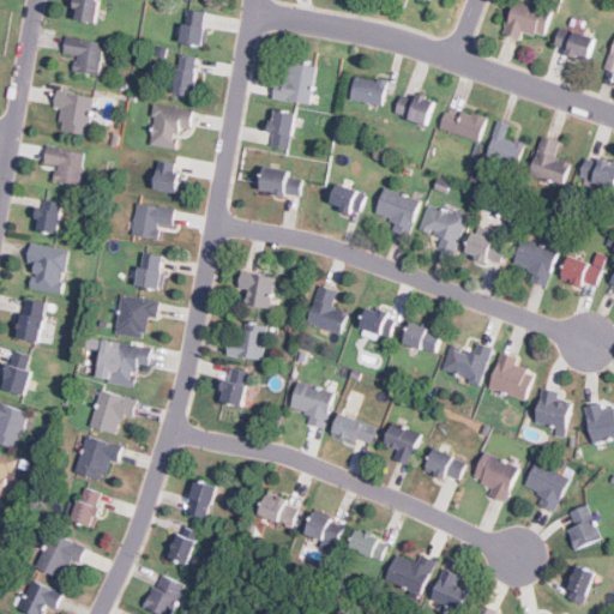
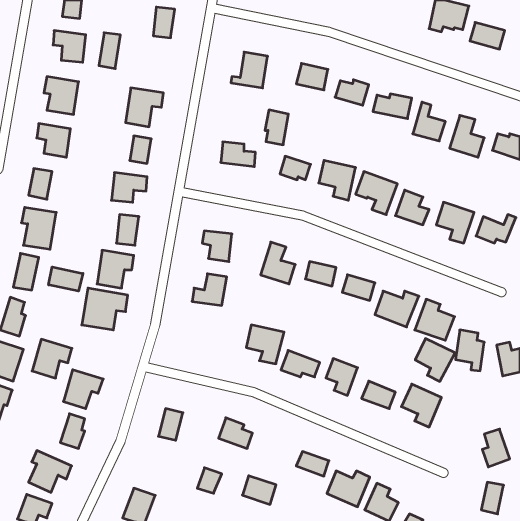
building: [171,55,197,97] -> [99,33,120,69]
building: [266,109,294,150] -> [265,110,288,145]
building: none -> [49,267,83,291]
building: [219,368,248,407] -> none
building: [89,390,136,435] -> [32,339,72,378]
building: [523,462,570,512] -> [415,339,455,381]
building: [303,513,343,547] -> [242,476,276,504]
building: [167,534,195,564] -> [197,468,222,493]

